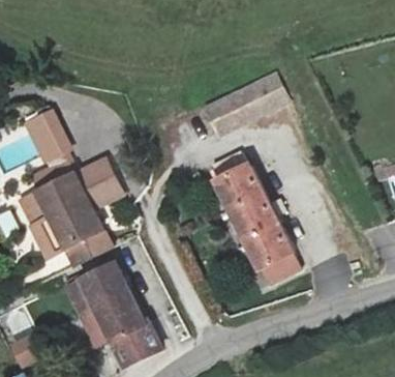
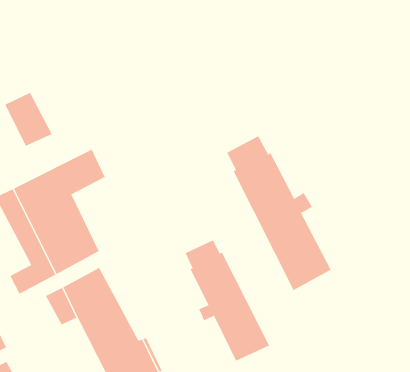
building: [211,76,285,133] -> none
building: none -> [185,239,270,362]

